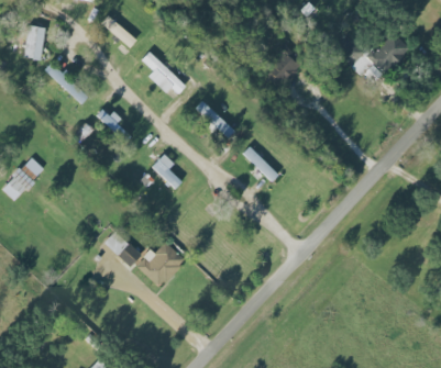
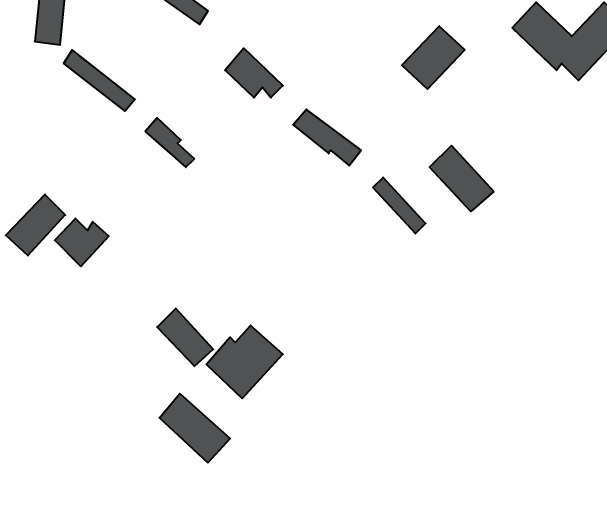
building: none -> [430,146,494,211]
building: [151,153,181,188] -> none
building: none -> [55,218,109,266]
building: none -> [159,394,230,463]

